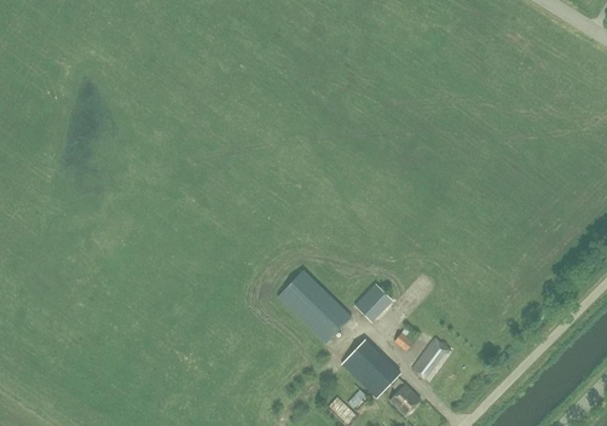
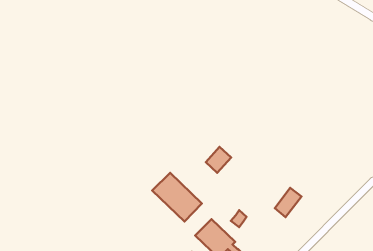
building: [357,280,394,318] -> [206,147,231,173]
building: [411,338,451,381] -> [275,188,302,217]

